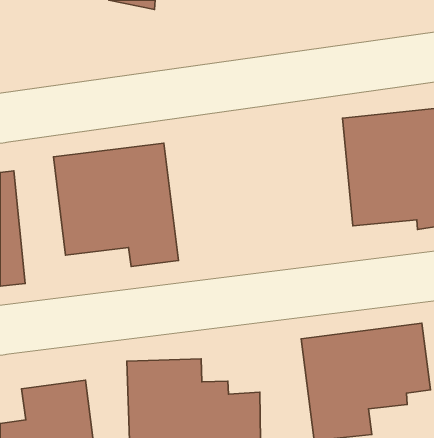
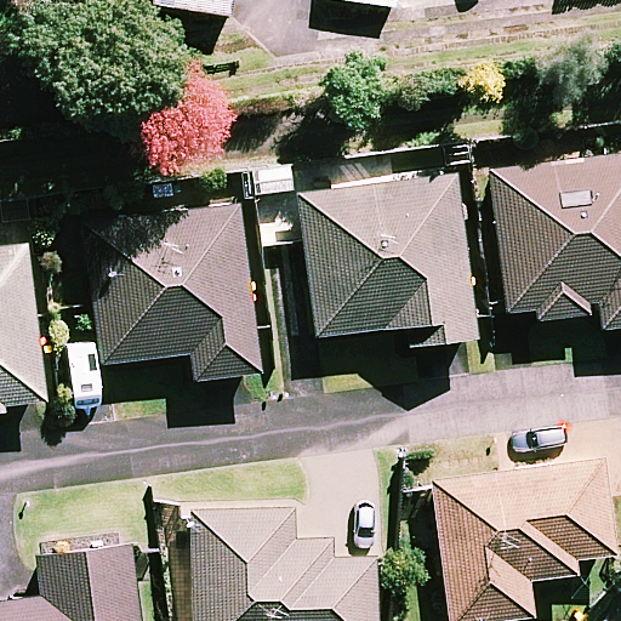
building: none -> [298,172,475,343]

